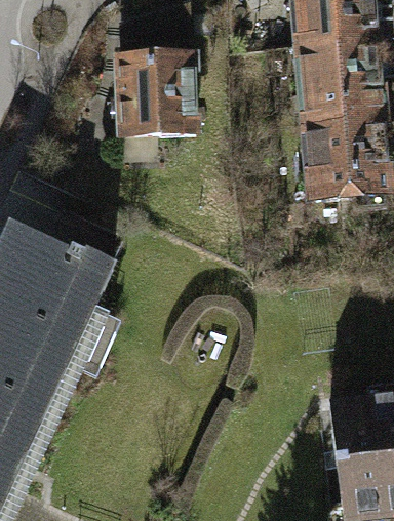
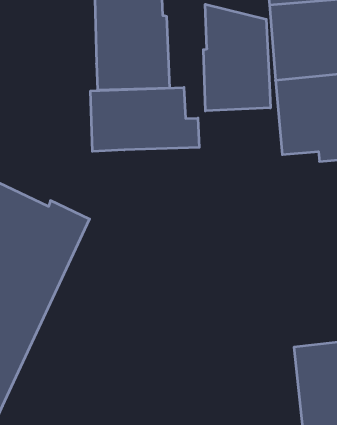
building: none -> [203,4,270,111]
building: none -> [91,87,199,151]

